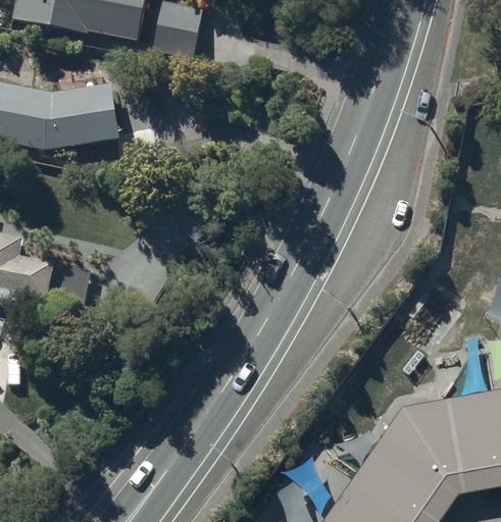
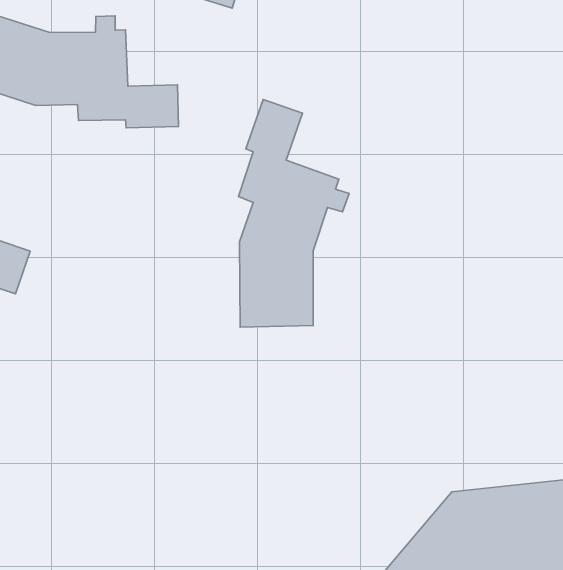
building: none -> [239,99,349,327]

